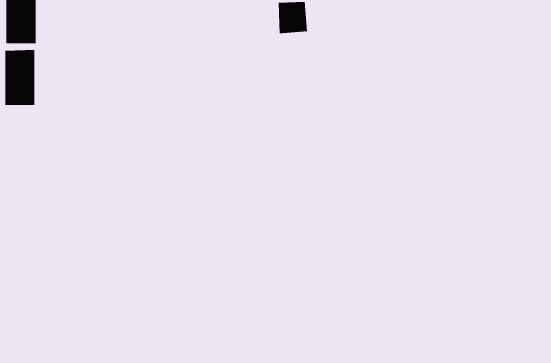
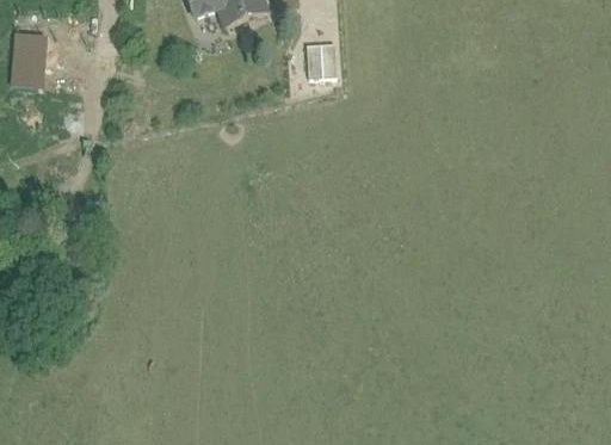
building: [5,49,35,106] -> none

